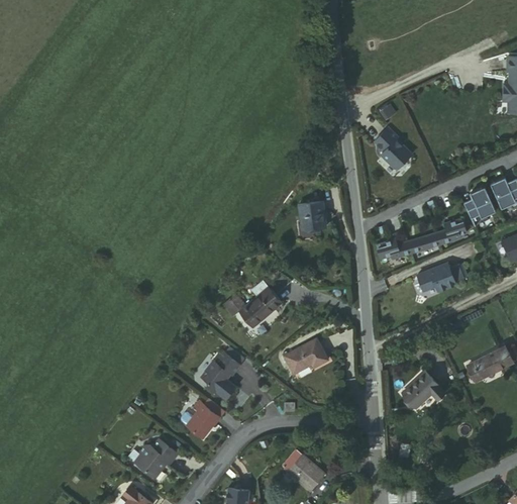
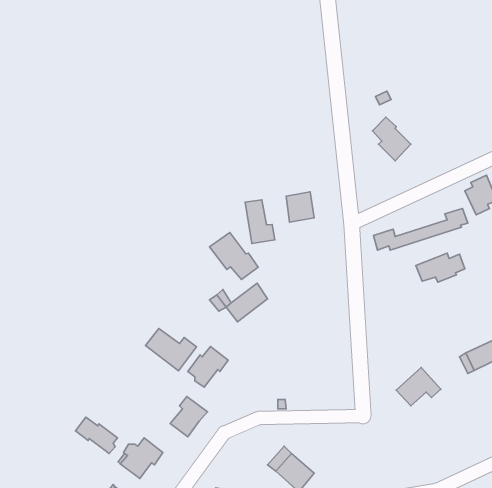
building: none -> [245,200,275,244]
building: none -> [210,233,258,280]
building: none -> [146,328,197,371]
building: [283,338,326,373] -> none
building: none -> [75,417,118,453]

